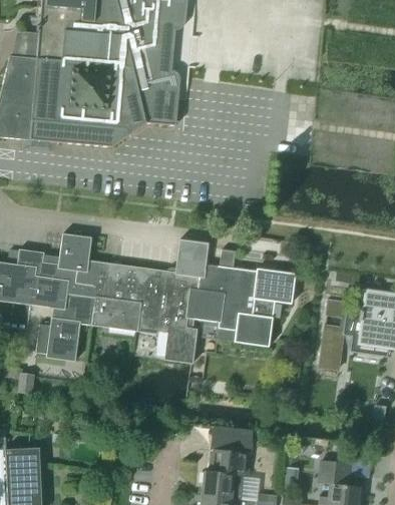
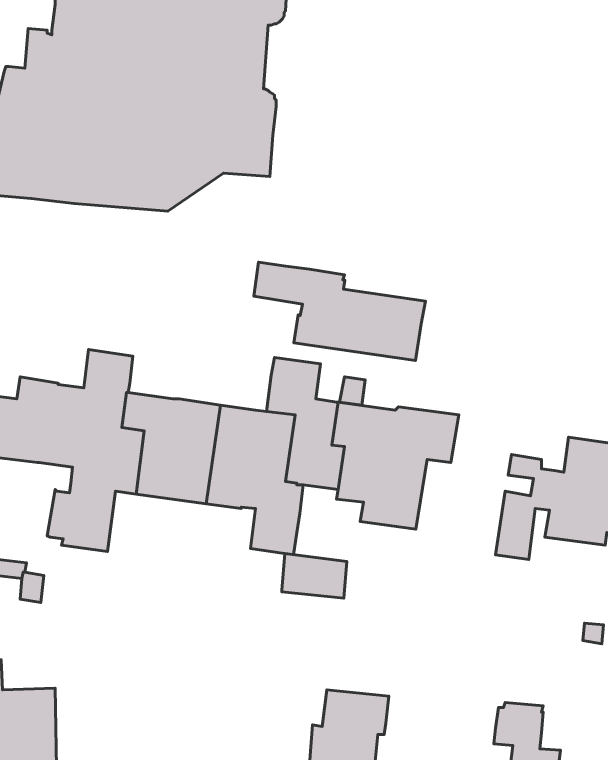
building: none -> [254,262,426,360]
building: [213,424,254,452] -> [282,554,347,598]

